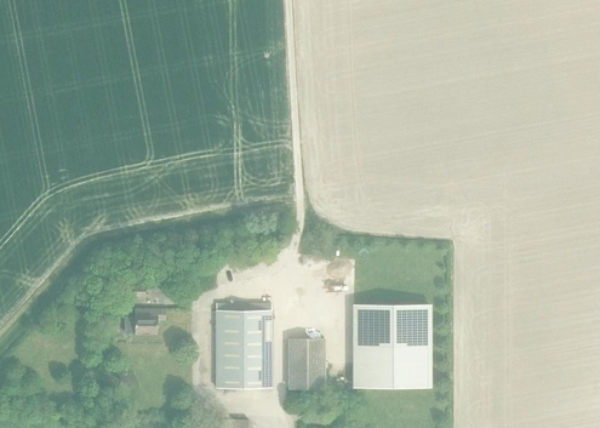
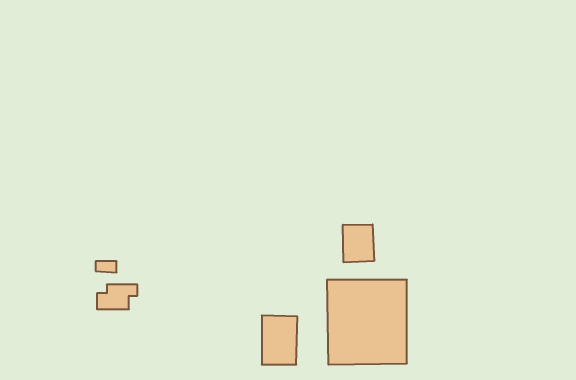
building: none -> [343,224,374,262]
building: [216,303,272,388] -> none

